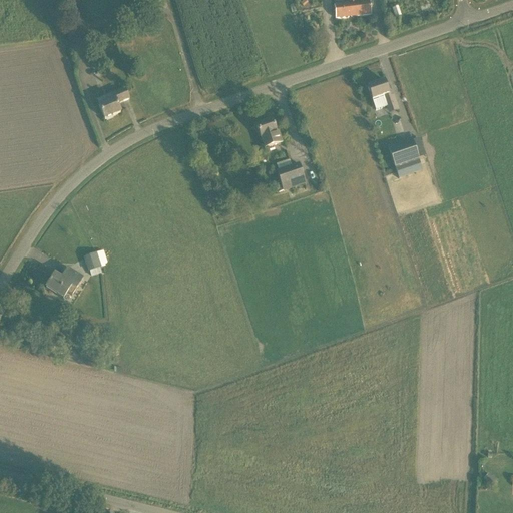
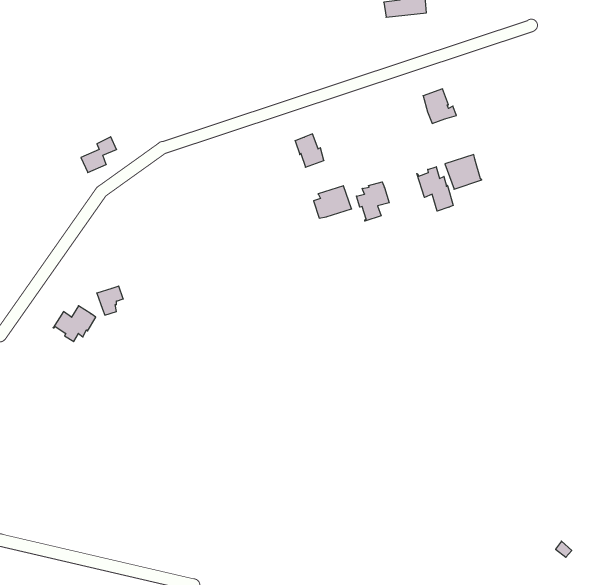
building: [98,85,129,116] -> [81,137,117,173]
building: none -> [417,167,453,211]
building: none -> [356,182,389,221]

